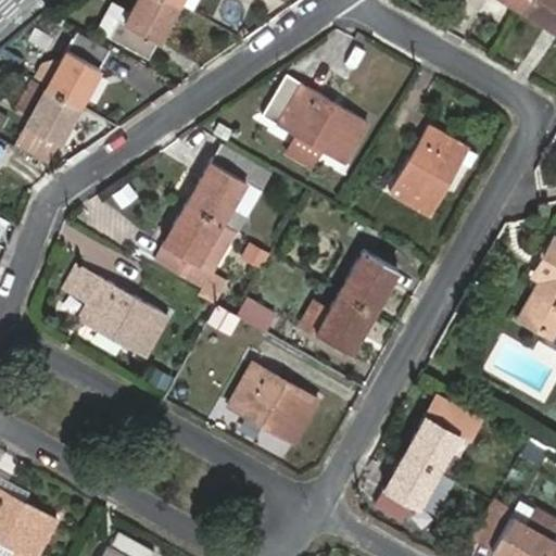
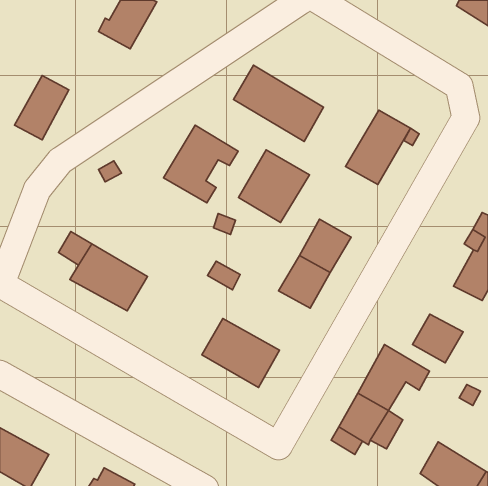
building: [48,36,109,105] -> none
building: [154,205,235,288] -> [239,150,309,223]
building: none -> [413,314,463,363]

